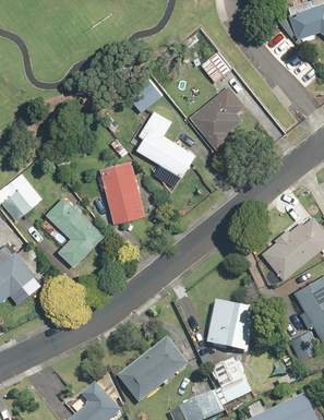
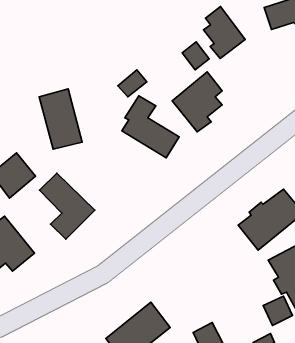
building: none -> [204,7,245,58]
building: [98,159,145,225] -> [39,89,82,149]
building: [206,299,255,350] -> none

